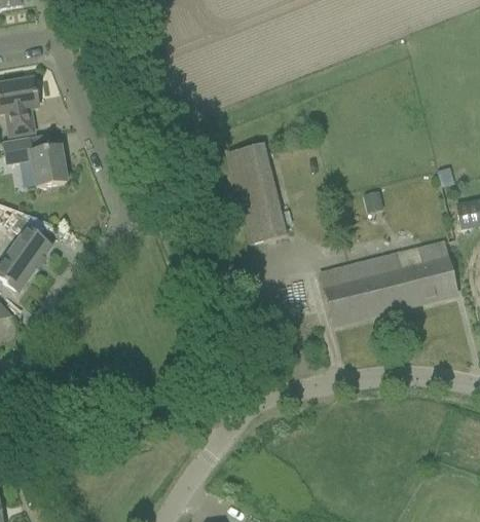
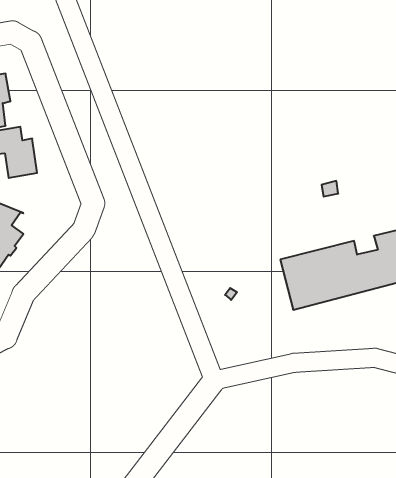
building: [227,143,286,244] -> none

